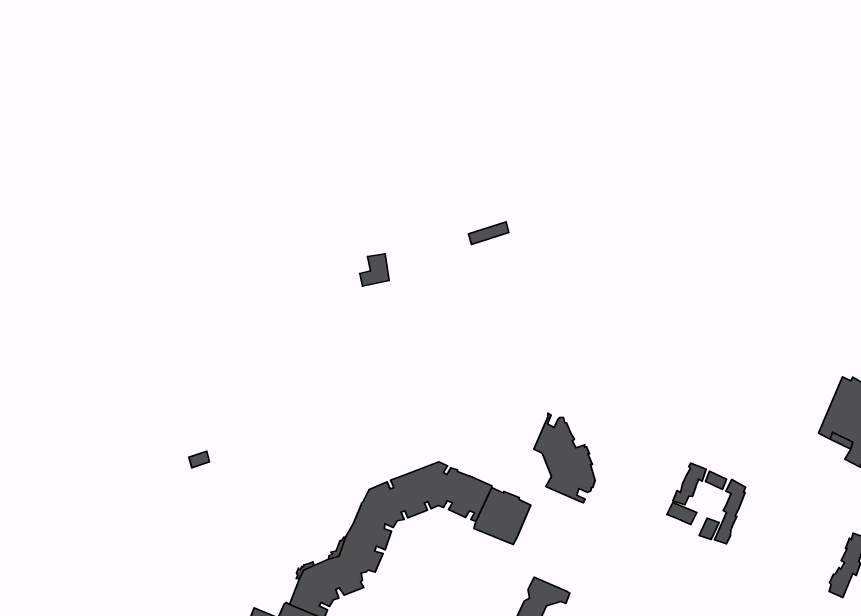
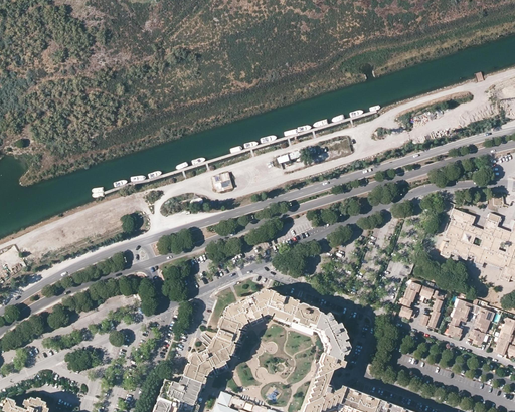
building: none -> [442,210,500,261]
building: [534,413,595,503] -> [314,310,350,360]
building: none -> [448,300,492,346]

